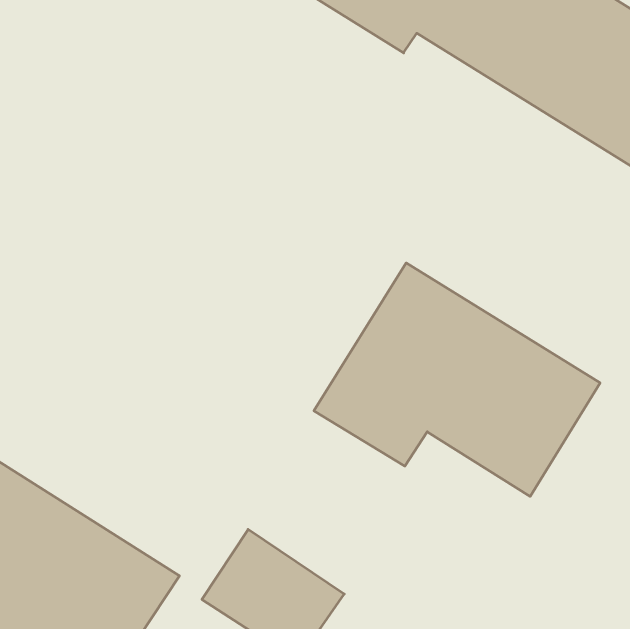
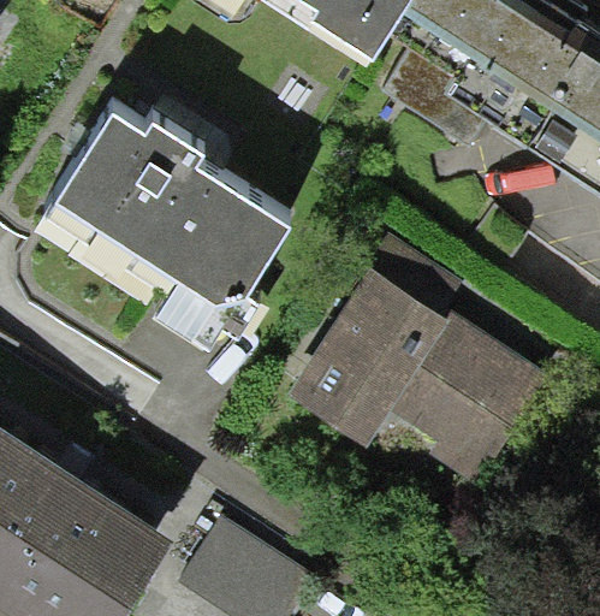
building: none -> [49,126,285,314]

